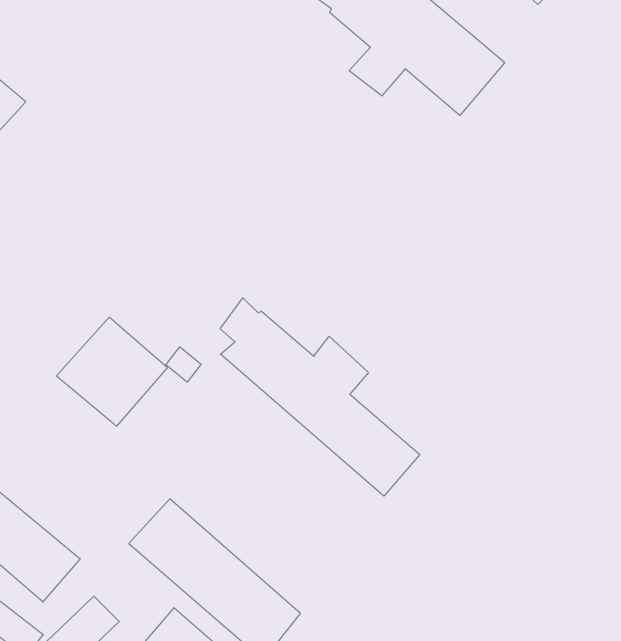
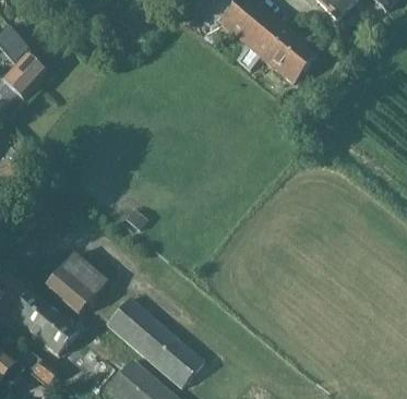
building: [220,298,420,496] -> none
building: [56,317,167,426] -> [45,253,107,314]

